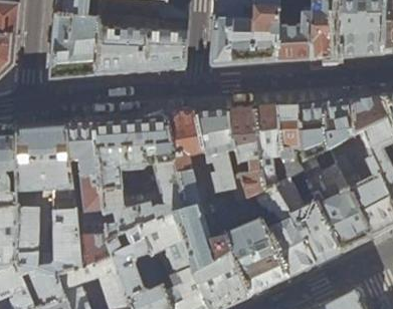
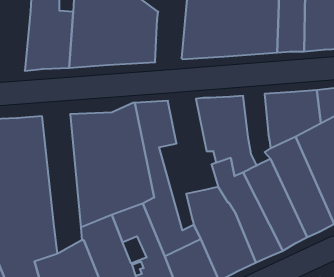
building: [275,103,304,178] -> none
building: [197,108,249,203] -> none
building: [66,124,108,269] -> none

